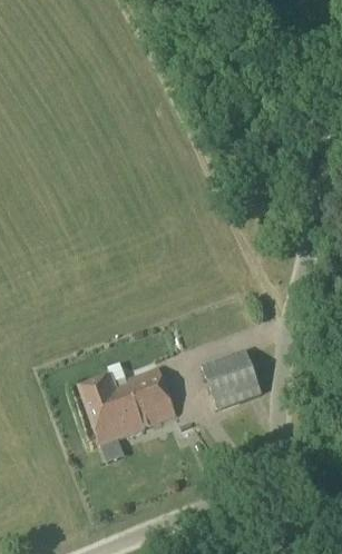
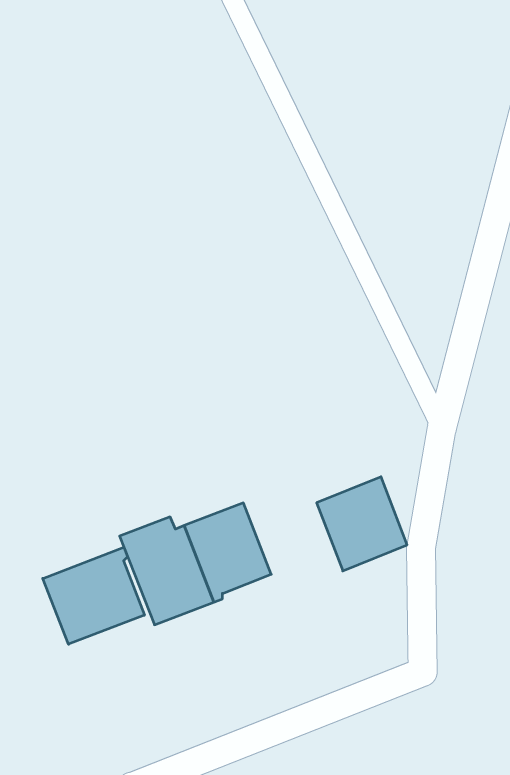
building: none -> [43,547,144,644]

